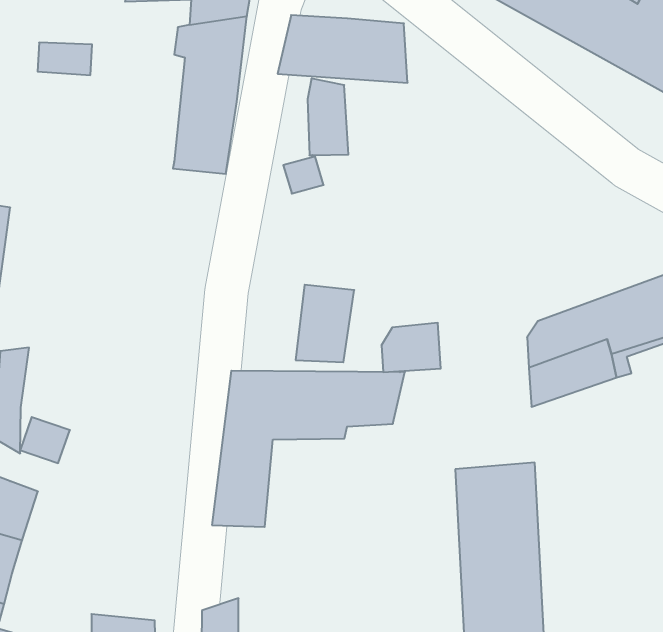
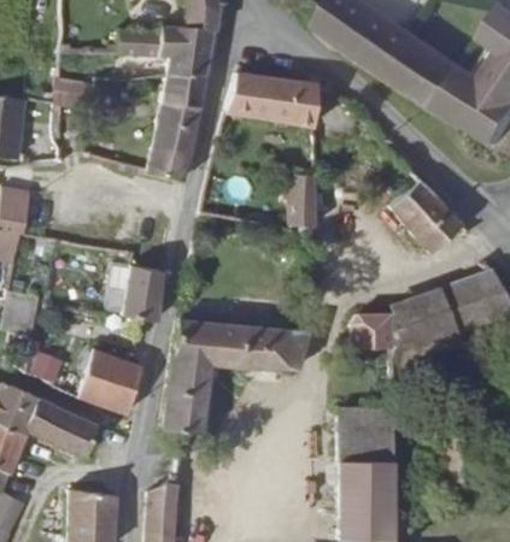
building: [308,79,348,155] -> [288,166,316,222]
building: none -> [394,184,464,254]
building: [296,285,354,362] -> [123,266,168,323]
building: [381,323,441,372] -> [350,312,391,344]
building: none -> [54,352,143,413]
building: none -> [24,400,98,456]

